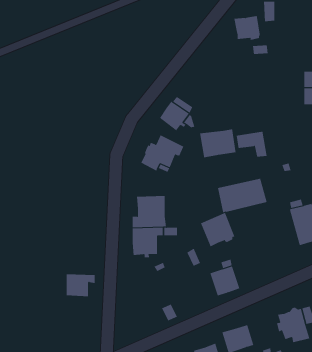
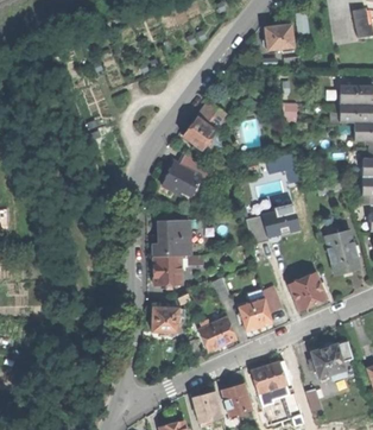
building: [200,128,236,158] -> none
building: [200,212,235,247] -> [287,272,325,310]
building: [66,274,95,297] -> [151,308,183,333]
building: none -> [197,317,234,352]

